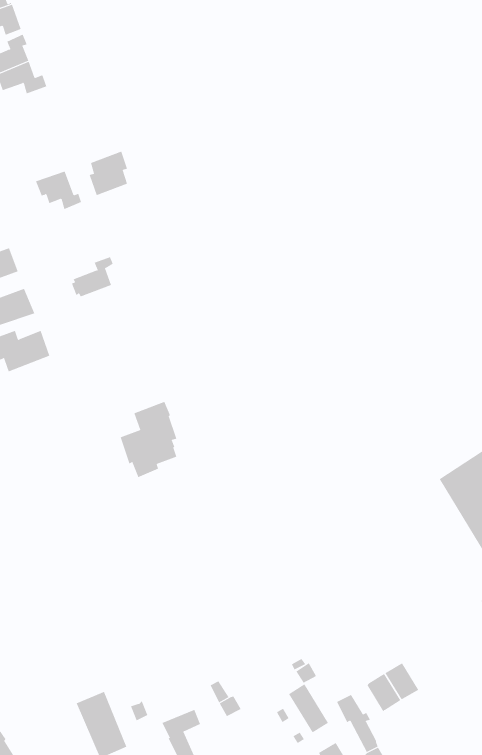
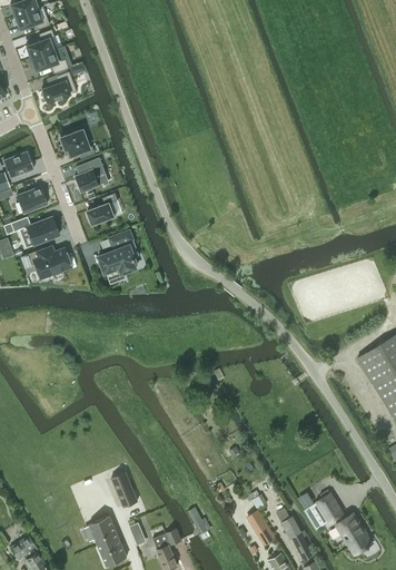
building: none -> [41,71,77,102]
building: [89,151,128,196] -> [76,158,105,191]
building: [120,401,177,478] -> [98,228,140,285]
building: none -> [112,472,139,507]
building: none -> [337,513,373,554]

